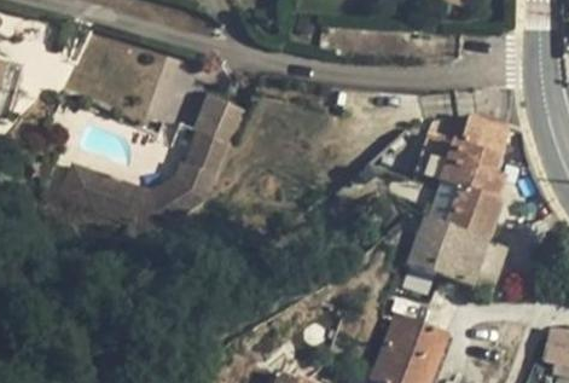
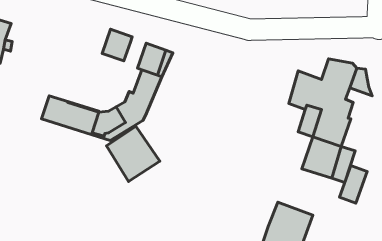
building: none -> [102,29,132,61]
building: none -> [106,126,160,181]
building: [406,216,445,269] -> [340,165,367,203]

